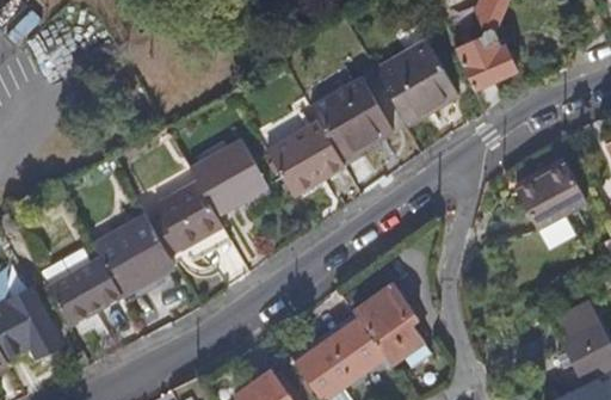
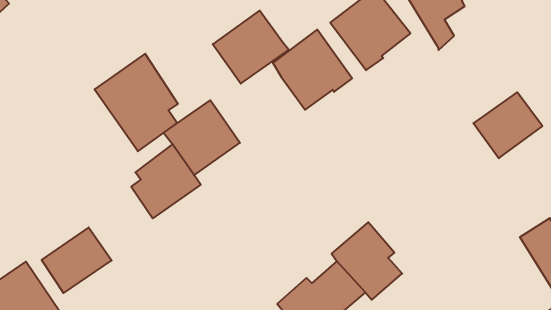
building: none -> [95,54,178,151]
building: [266,122,345,196] -> [213,11,289,84]
building: [94,215,175,296] -> none

